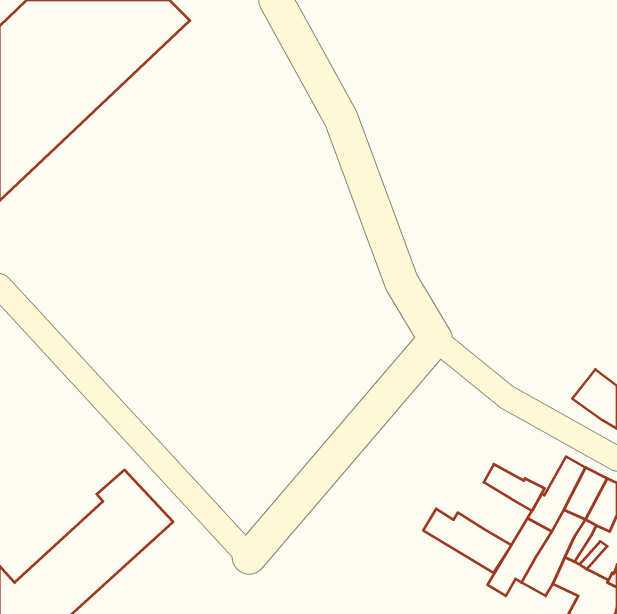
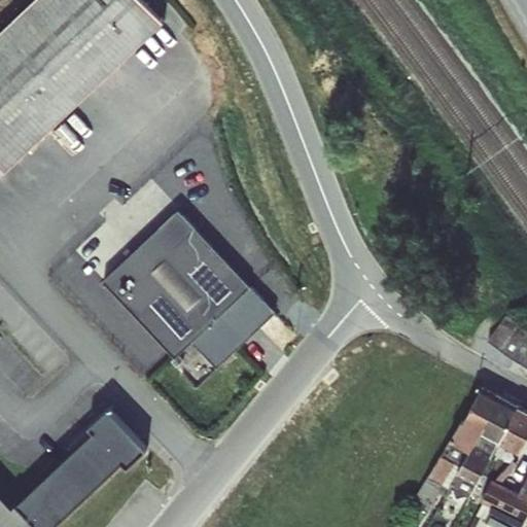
building: none -> [101,206,278,368]
building: [484,464,545,511] -> none
building: [423,509,511,573] -> none

